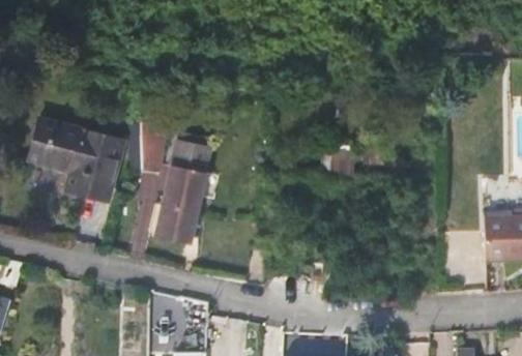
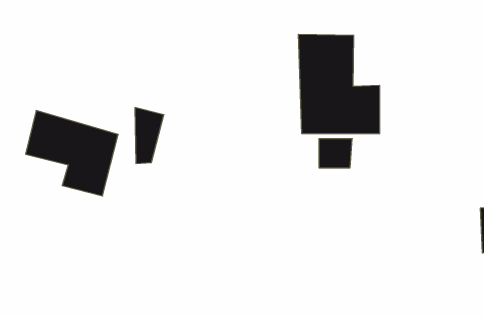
building: none -> [299,34,380,134]
building: [151,137,212,243] -> none

